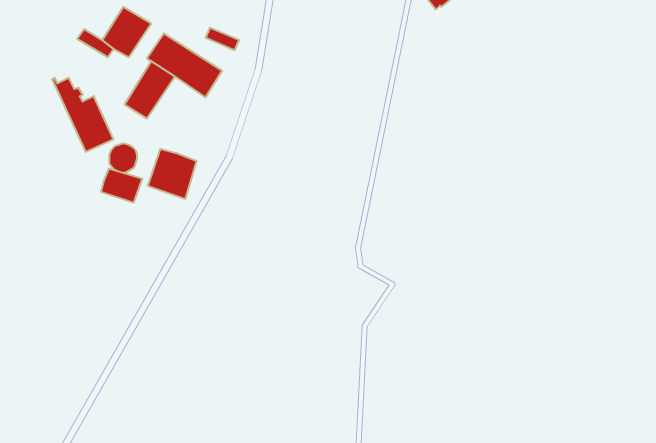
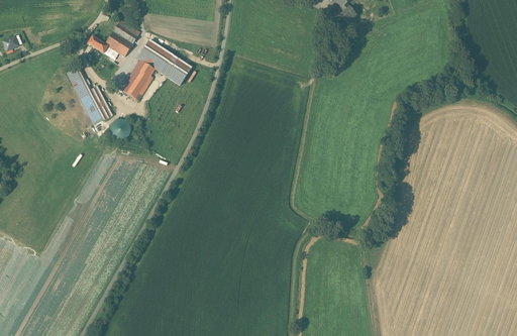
building: [148,149,196,199] -> none
building: [101,168,142,203] -> none

